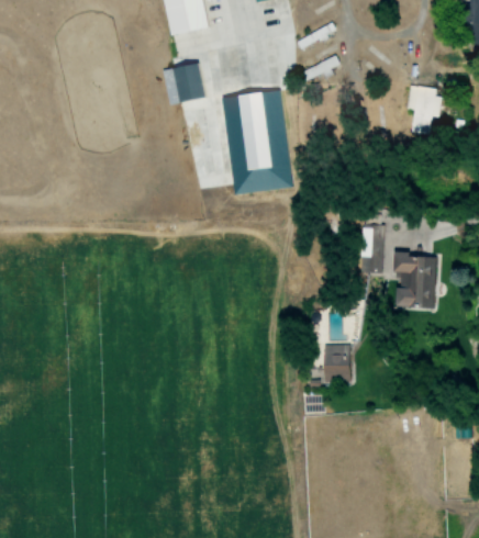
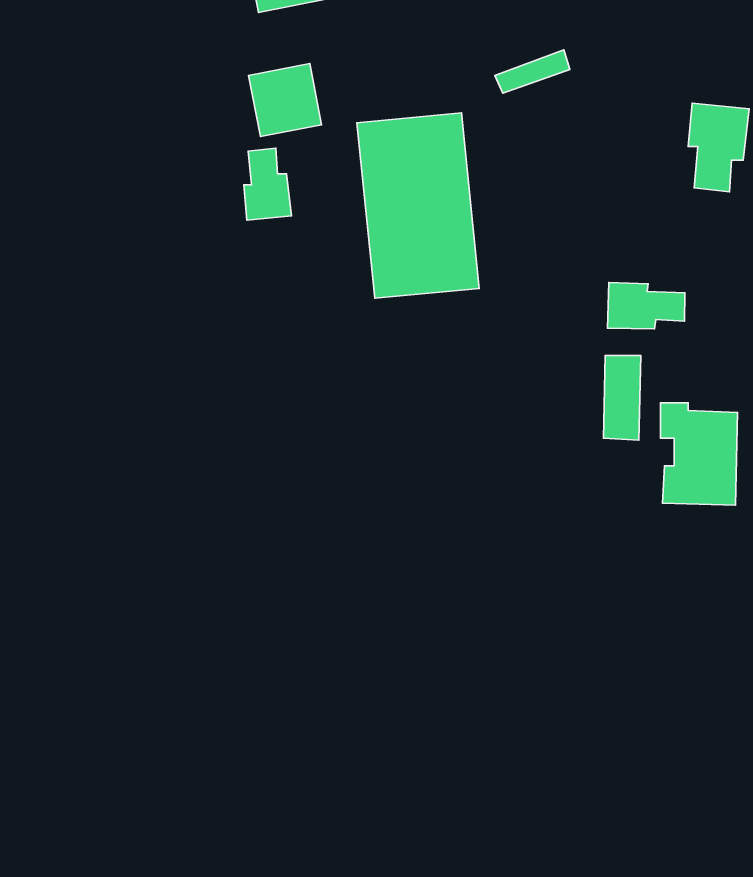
building: none -> [244,148,291,220]
building: none -> [608,282,685,329]
building: [324,343,352,382] -> none

